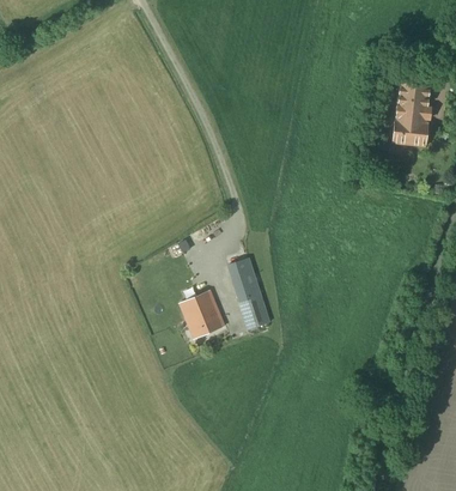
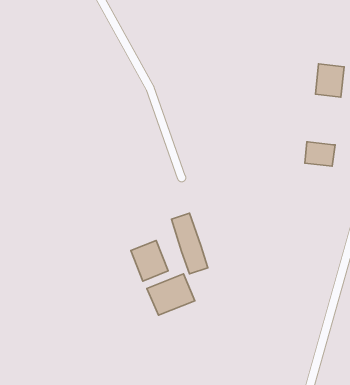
building: [394,117,430,146] -> [305,142,335,166]
building: none -> [147,274,195,315]

